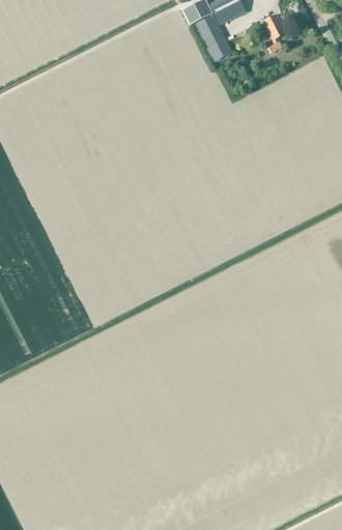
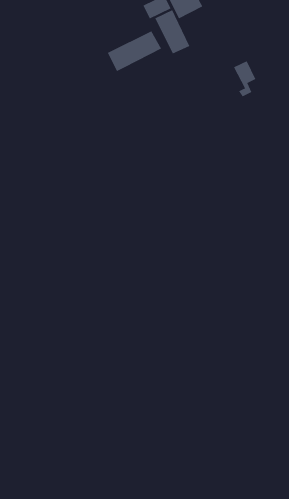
building: [263,13,287,52] -> [233,60,256,97]
building: none -> [107,30,162,72]

